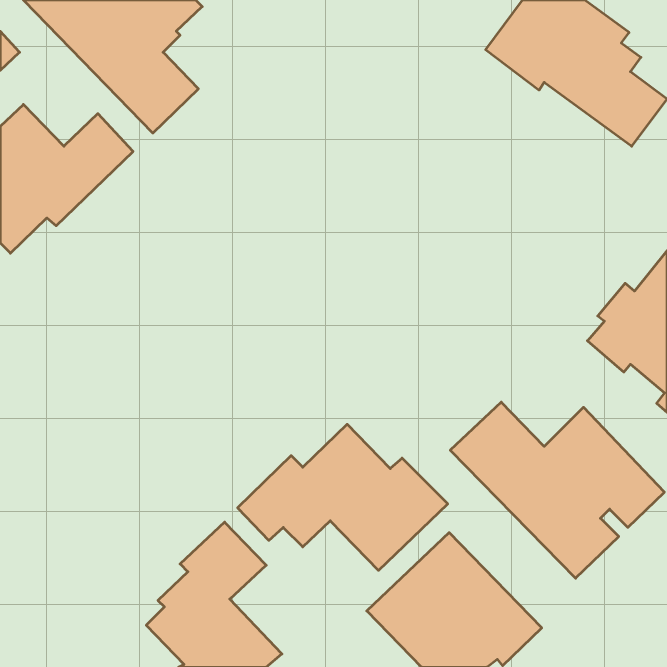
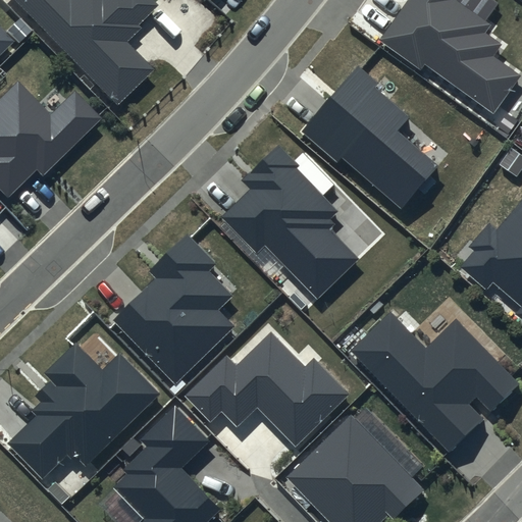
building: none -> [302,65,438,207]
building: none -> [223,144,357,298]
building: none -> [114,234,236,383]
building: none -> [8,342,160,478]

